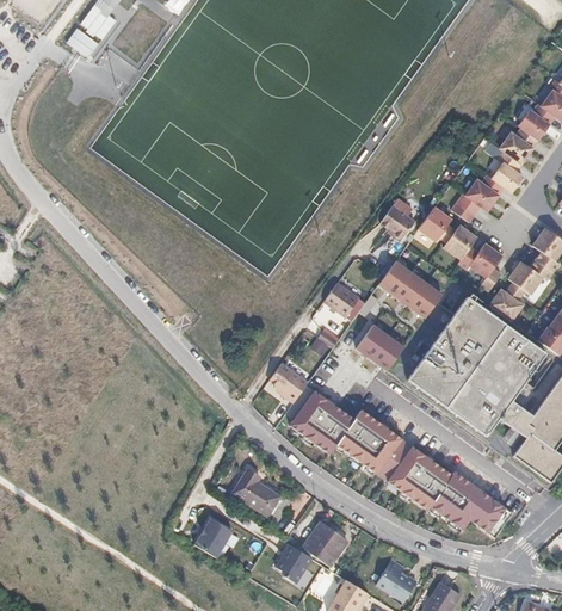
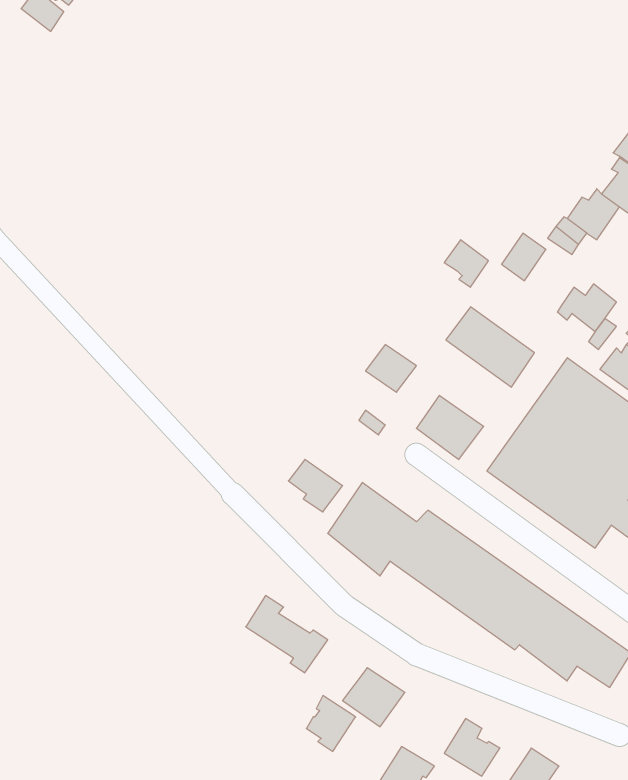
building: [443,224,476,259] -> none
building: [192,517,230,556] -> none

